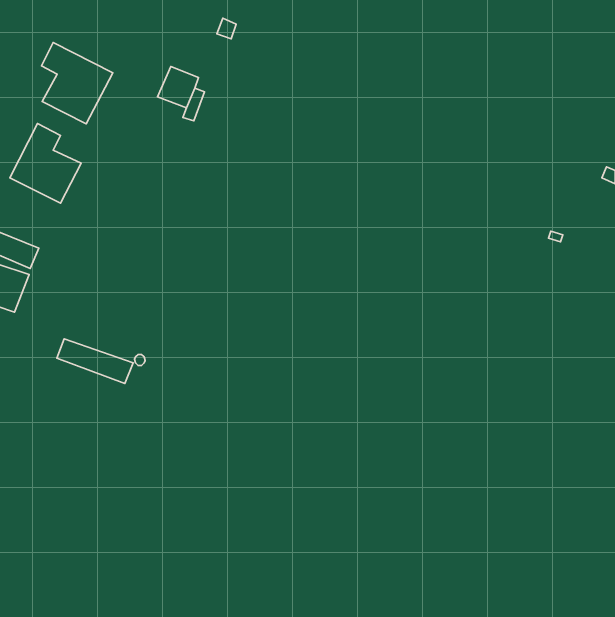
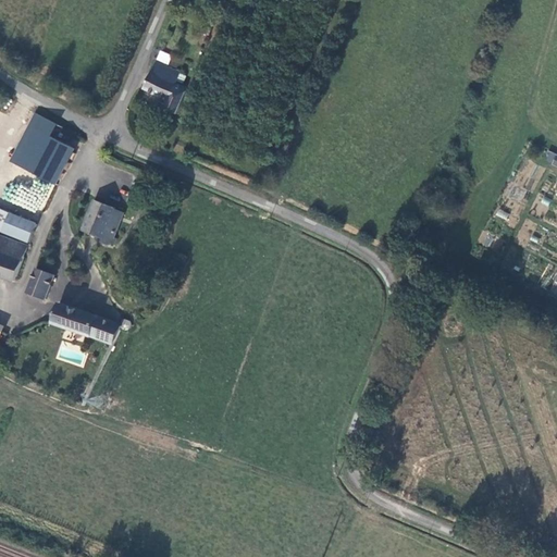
building: [42,42,113,124] -> none
building: none -> [84,198,122,244]
building: none -> [25,269,51,299]

